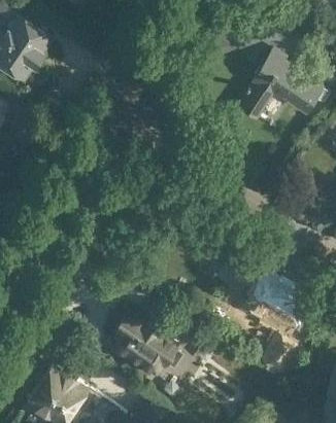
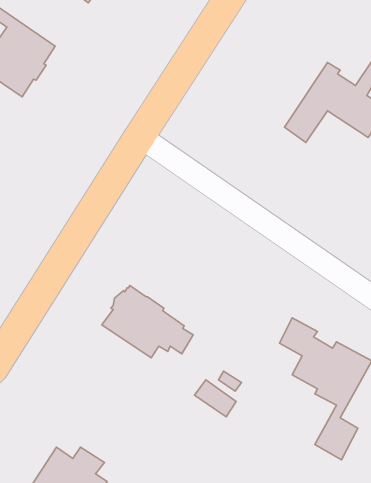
building: [108,317,182,376] -> [102,285,193,358]

